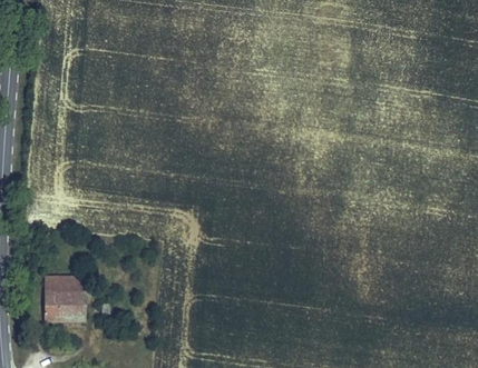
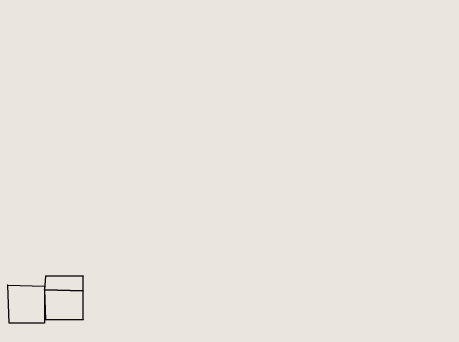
building: none -> [8,285,44,323]

